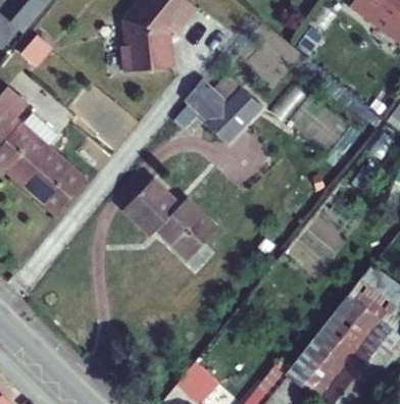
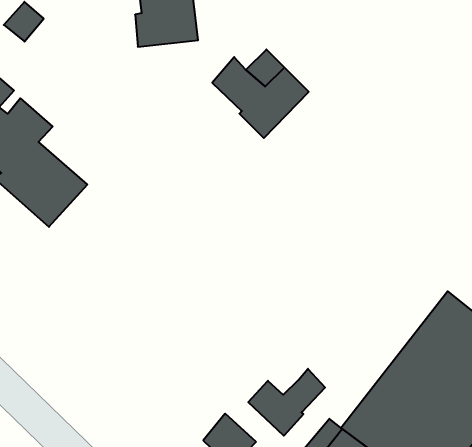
building: [123,180,217,261] -> none
building: none -> [248,369,325,436]

